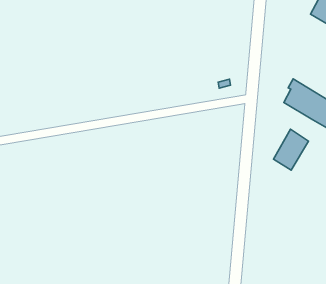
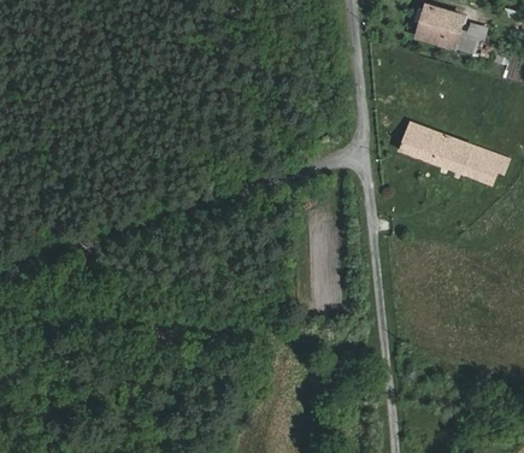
building: [274,129,309,170] -> none

